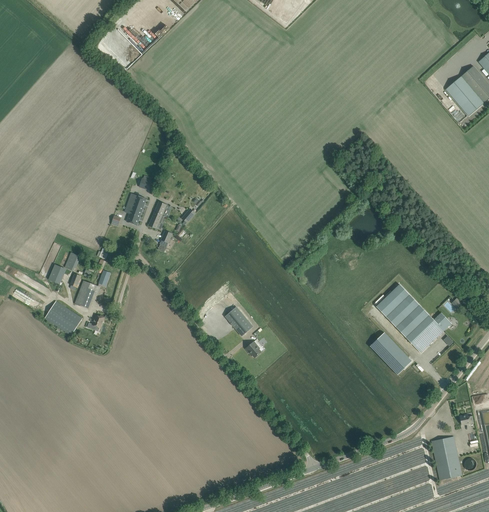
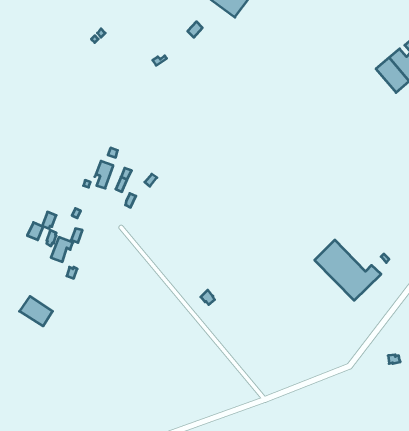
building: [44,301,82,335] -> [19,296,53,326]
building: [224,306,252,335] -> none
building: [369,332,411,374] -> none
building: [431,436,461,480] -> none

